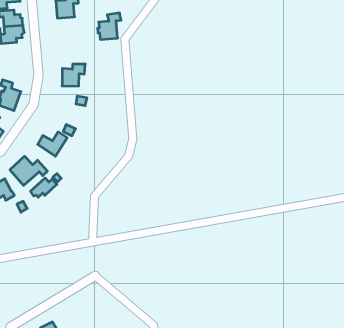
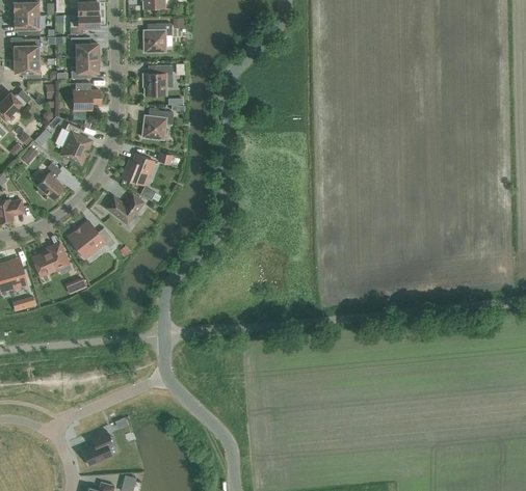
building: [98,13,121,39] -> [142,63,173,94]
building: none -> [73,82,100,109]
building: none -> [123,154,152,183]
building: [31,178,57,197] -> none

